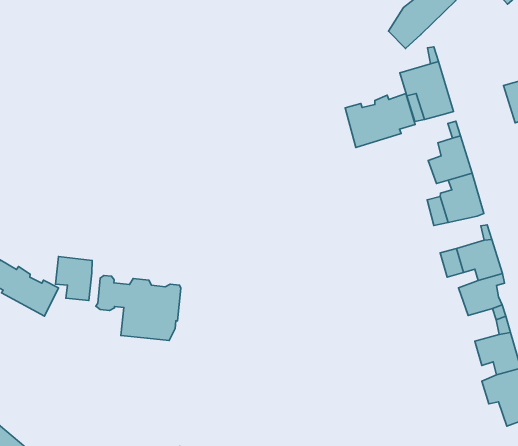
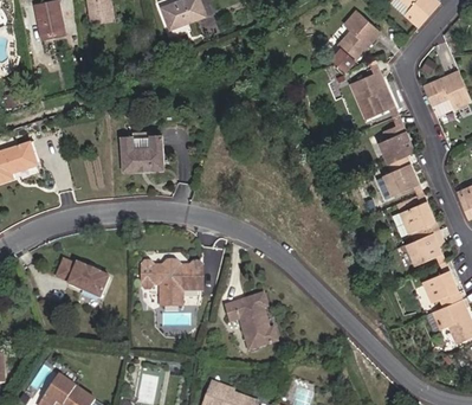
building: [345,93,415,147] -> none
building: none -> [122,130,166,172]
building: [56,257,92,301] -> none
building: none -> [222,291,277,349]

